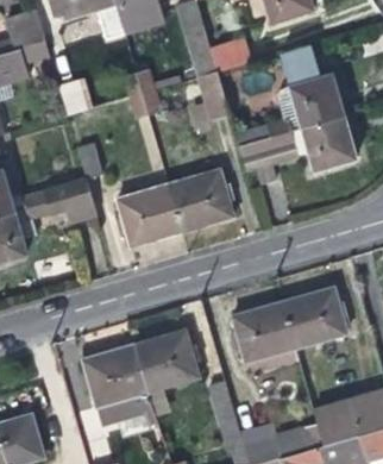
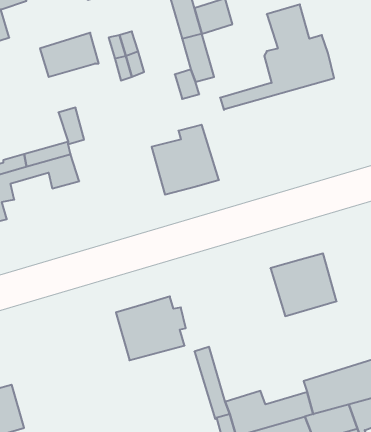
building: [239,117,357,182] -> none
building: [114,183,181,245] -> none
building: [232,301,297,362] -> none
building: [79,344,156,422] -> none

